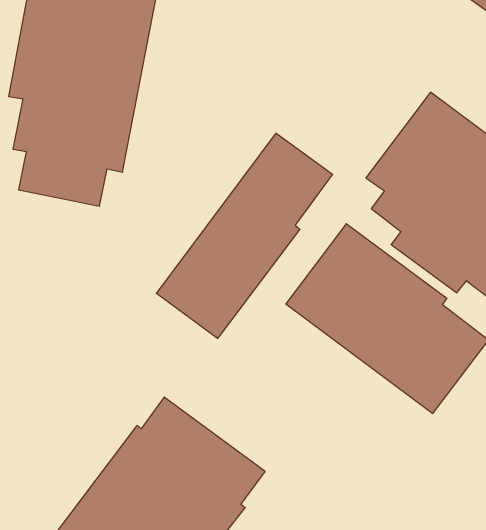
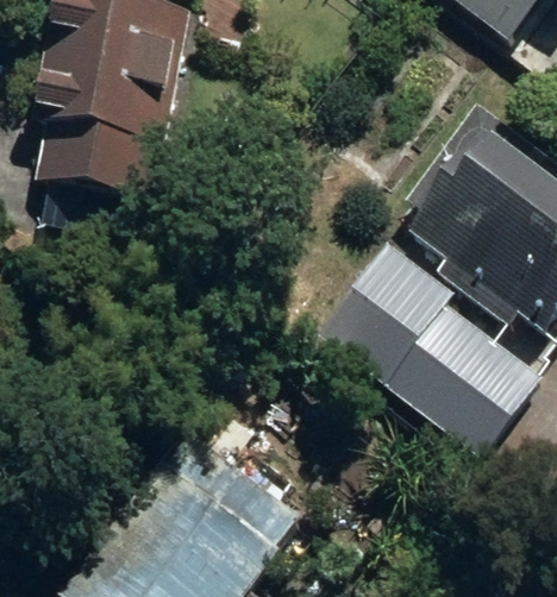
building: [157,133,333,338] -> none

